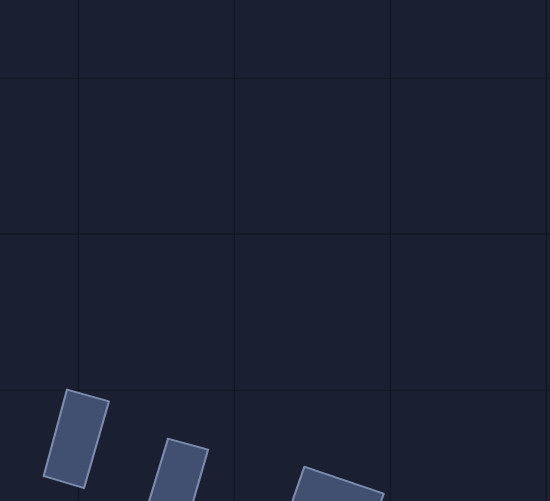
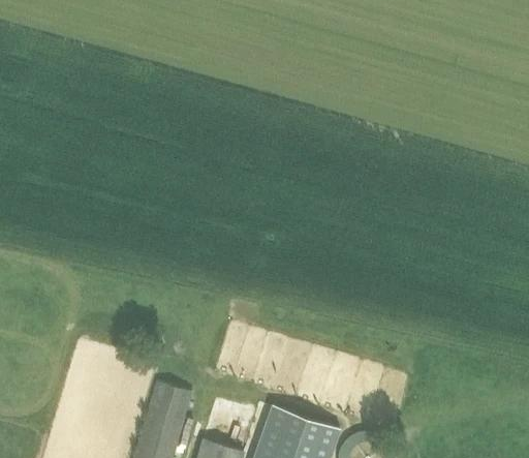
building: [44,389,109,488] -> none

